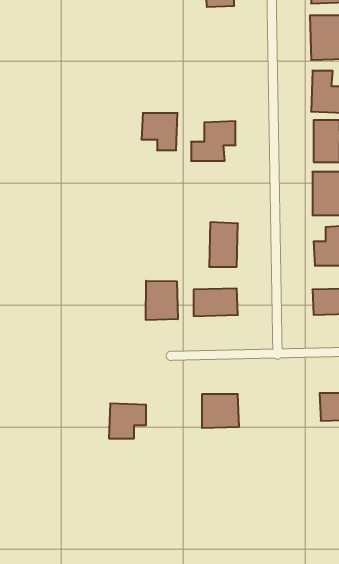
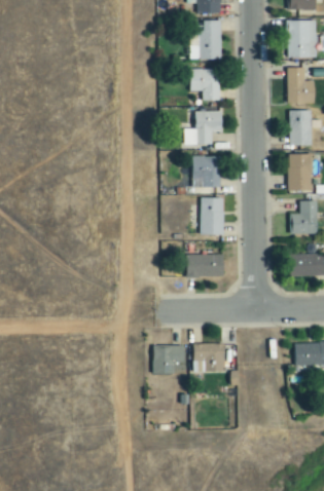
building: none -> [189,20,221,60]
building: [141,113,178,150] -> [189,69,220,101]
building: none -> [192,155,221,187]
building: [146,281,178,320] -> none
building: [109,404,146,438] -> [152,344,184,374]

